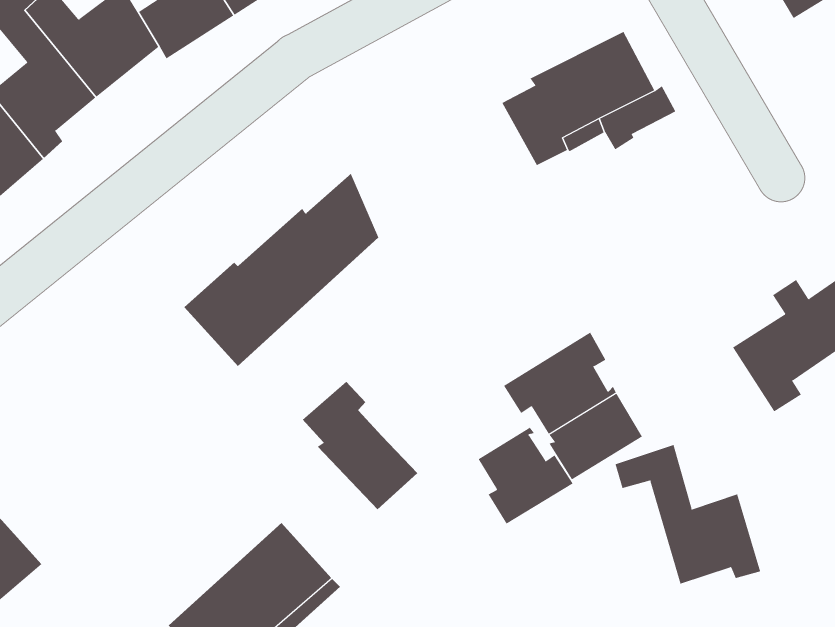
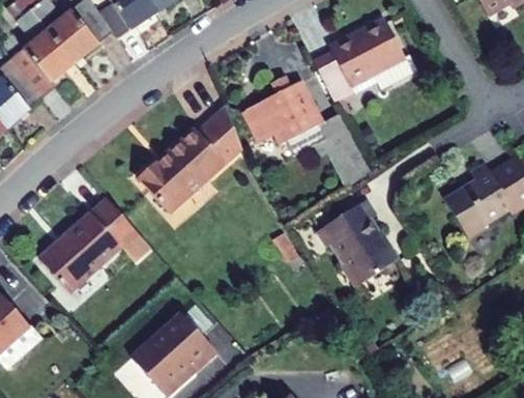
building: none -> [245,78,329,153]
building: none -> [39,197,148,290]
building: [302,381,418,510] -> none
building: [478,427,574,525] -> none
building: [615,444,761,584] -> none

